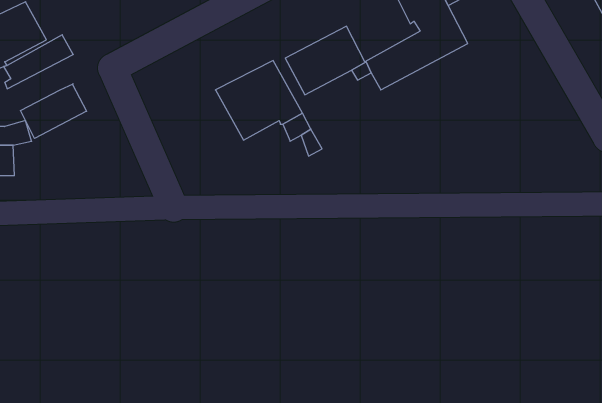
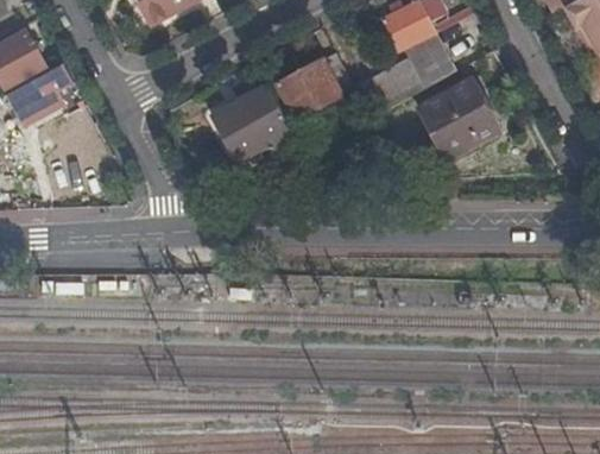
building: none -> [418,74,499,158]
building: [20,84,87,138] -> none

